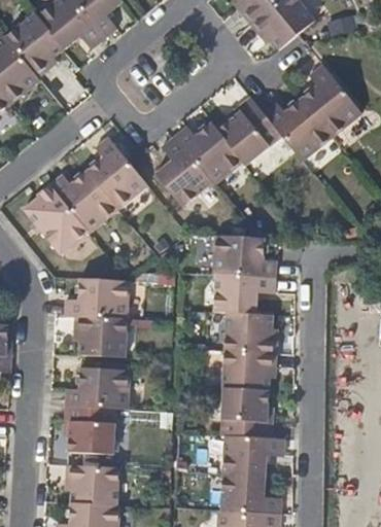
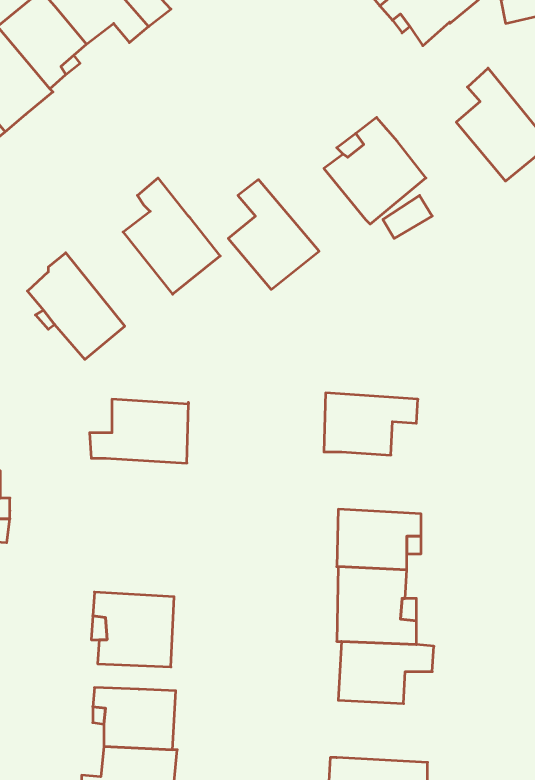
building: [263,100,333,163] -> none
building: [173,124,242,185] -> none
building: [48,171,117,234] -> none
building: [214,238,277,279] -> none
building: [224,313,279,353] -> none
building: [74,317,127,356] -> none
building: [67,365,131,408] -> none
building: [223,473,283,514] -> none

